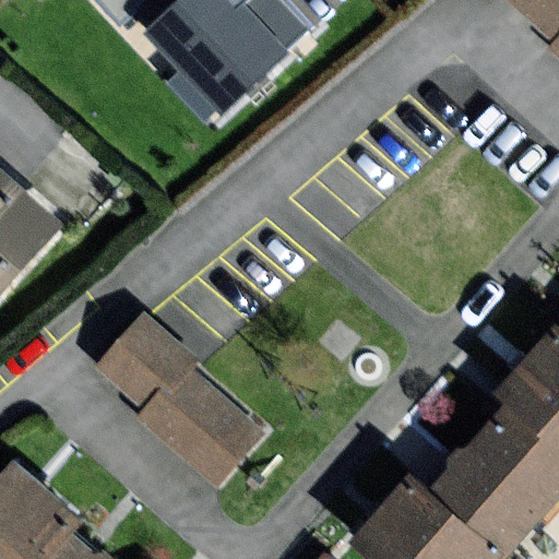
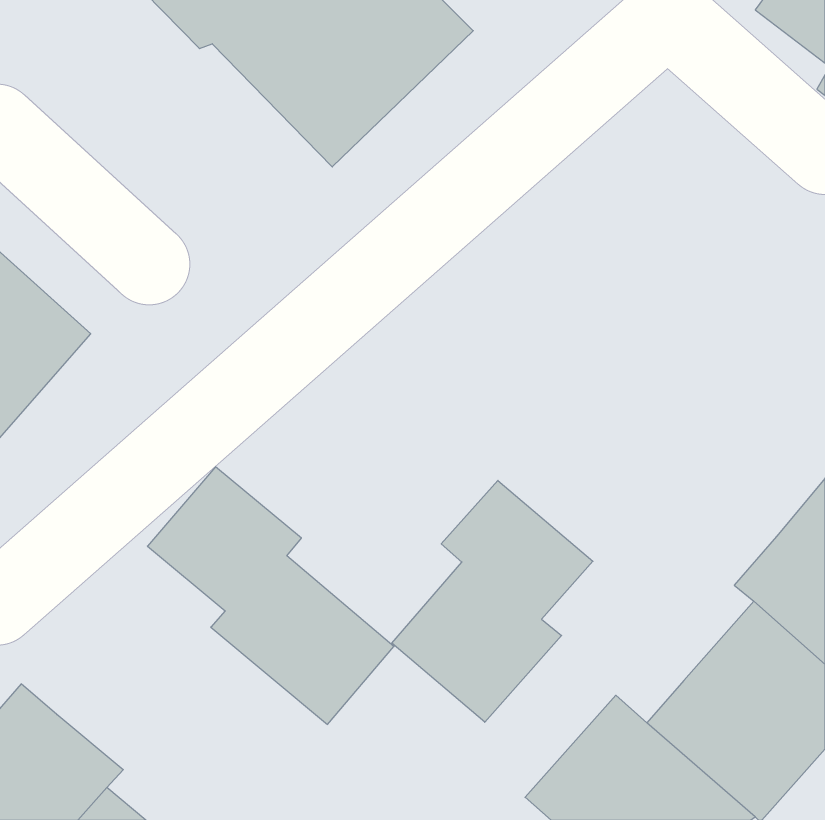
building: none -> [392,480,593,722]

